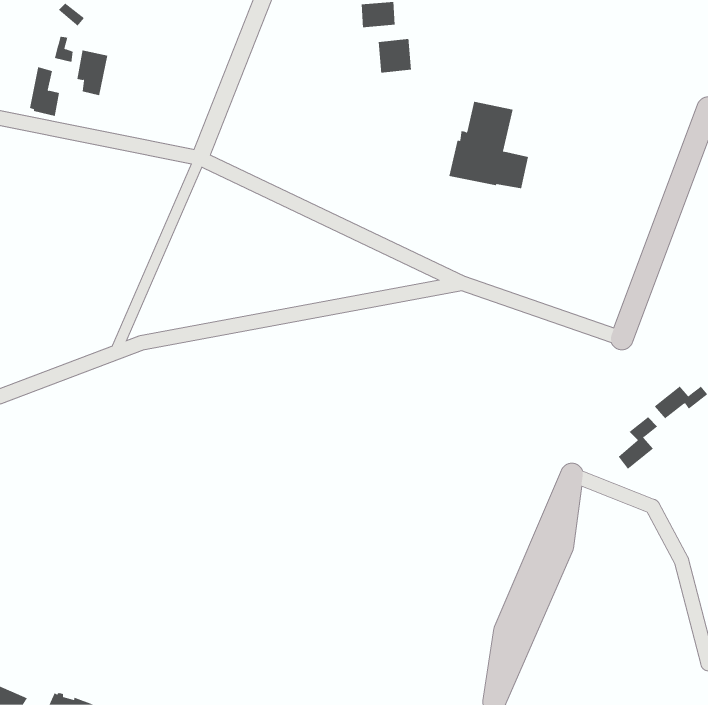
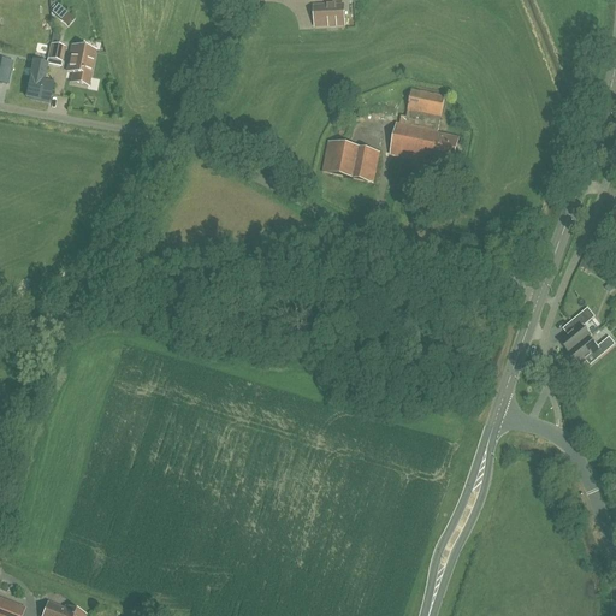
building: [378,38,411,73] -> none
building: none -> [321,140,378,180]
building: [618,417,658,471] -> [559,306,594,353]

